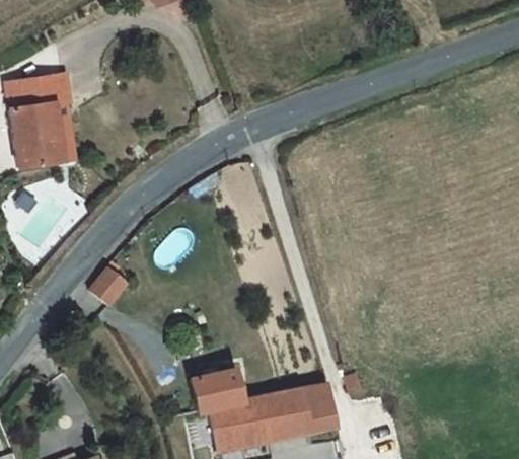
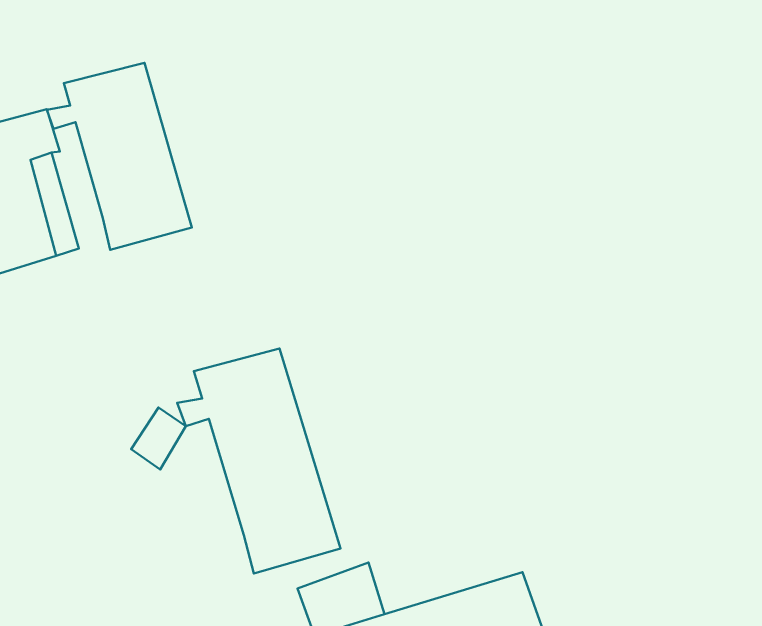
building: none -> [47,63,192,250]
building: none -> [177,349,340,574]

